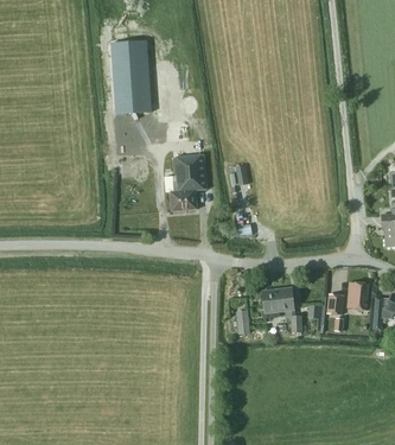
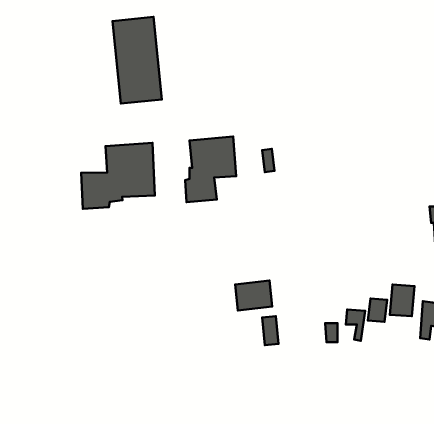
building: none -> [81,143,155,209]
building: [262,287,294,313] -> [235,280,272,311]

